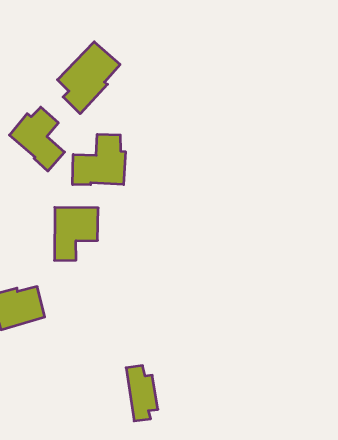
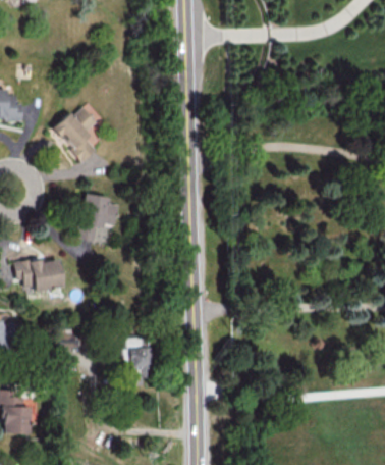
building: [57,42,120,114] -> none
building: [73,134,125,185] -> none

